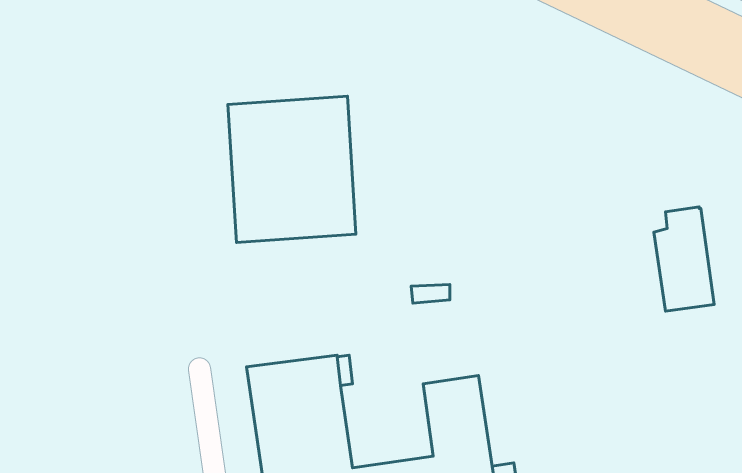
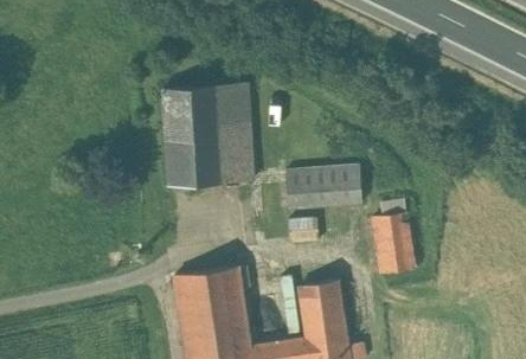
building: [654,207,714,311] -> [372,200,415,274]
building: none -> [284,166,361,209]

